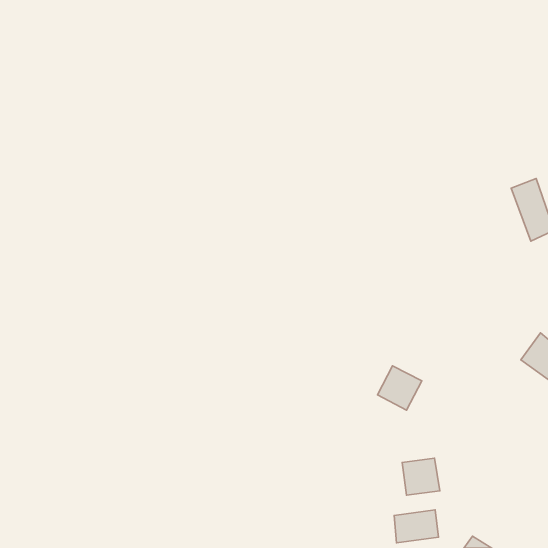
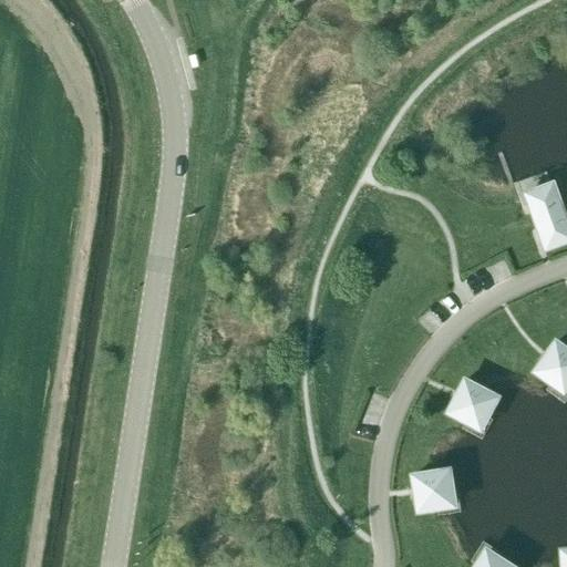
building: [377,366,422,410] -> [452,380,497,425]
building: [394,510,439,543] -> none

